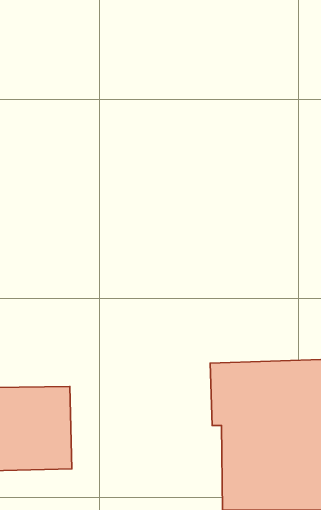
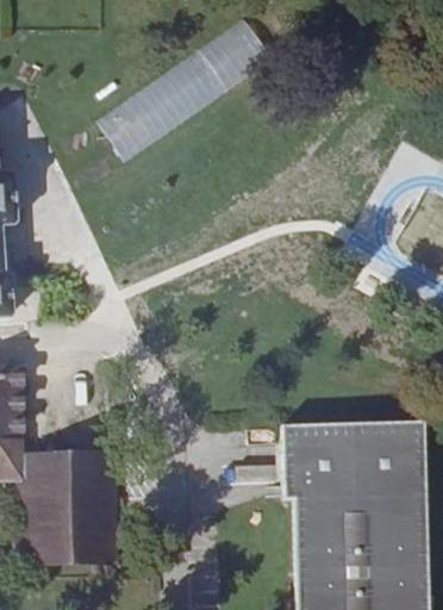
building: none -> [96,18,275,157]

